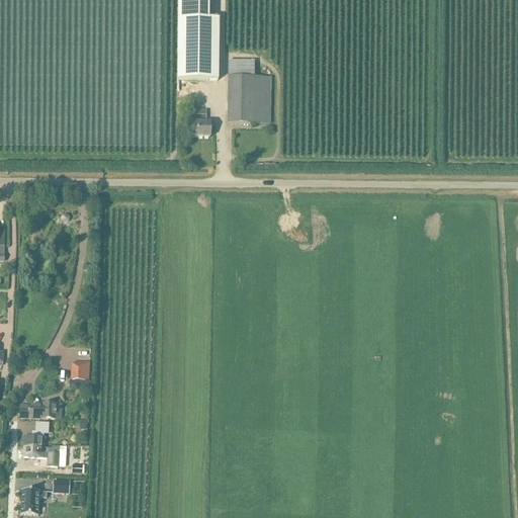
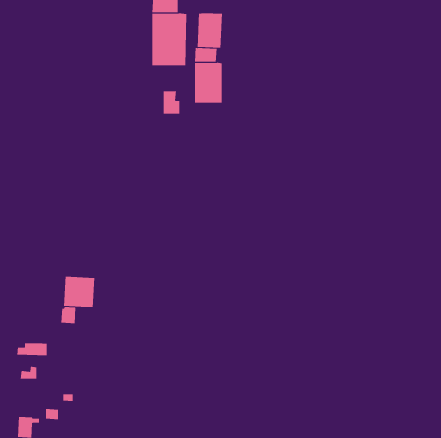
building: none -> [197,13,222,49]
building: none -> [64,276,95,308]
building: [25,443,61,464] -> none

